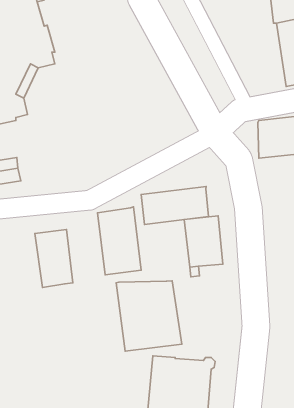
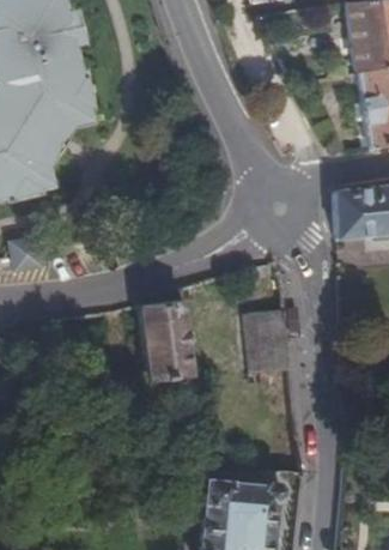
building: [141,186,208,225] -> none
building: [35,230,73,288] -> none
building: [116,281,182,351] -> none

